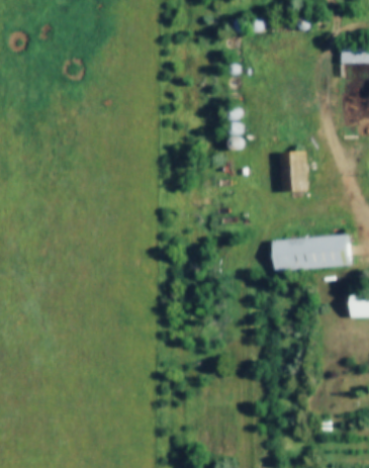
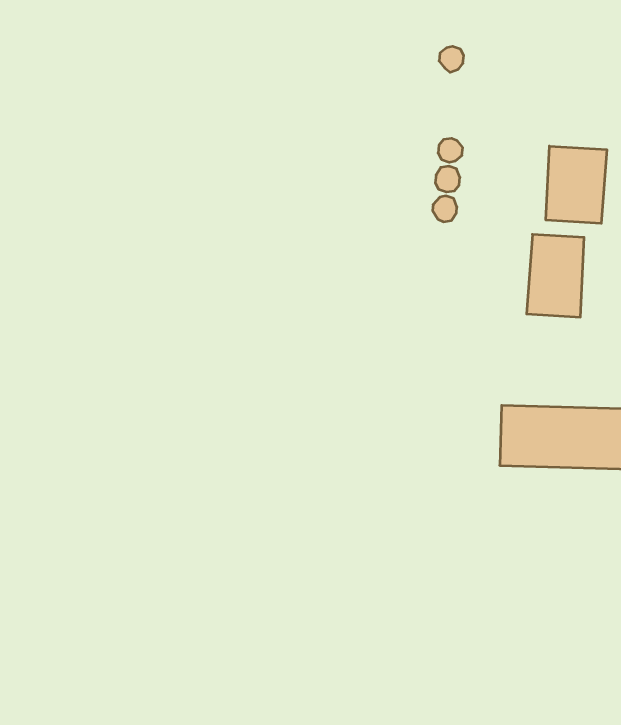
building: none -> [546,146,607,223]

